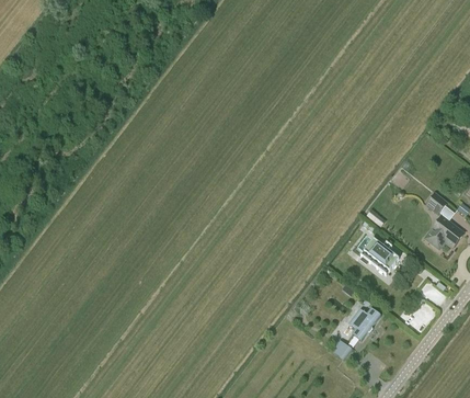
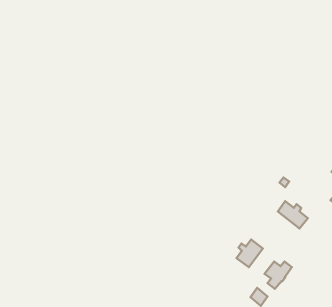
building: none -> [236,239,263,267]

